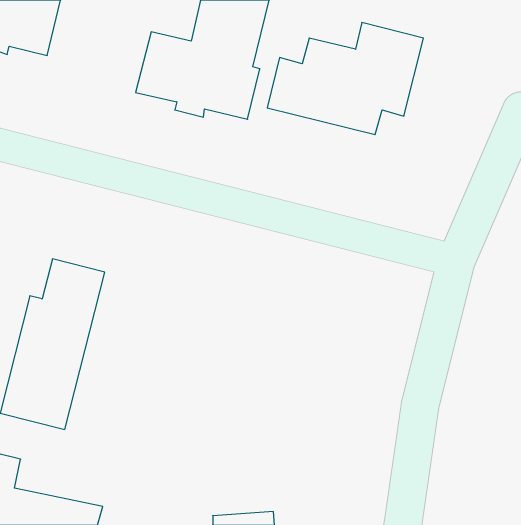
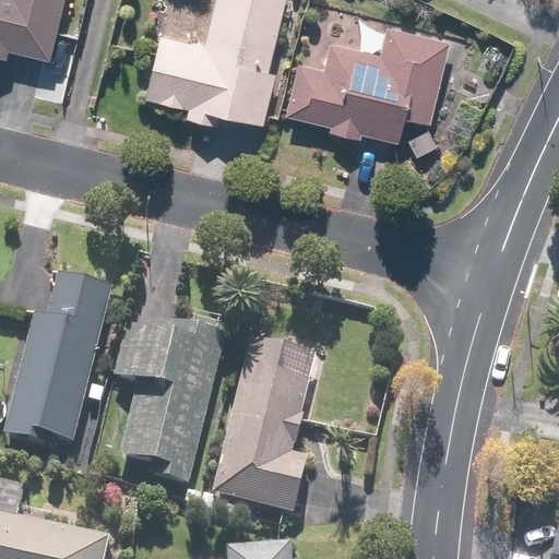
building: none -> [111,323,225,488]
building: none -> [207,338,318,516]

